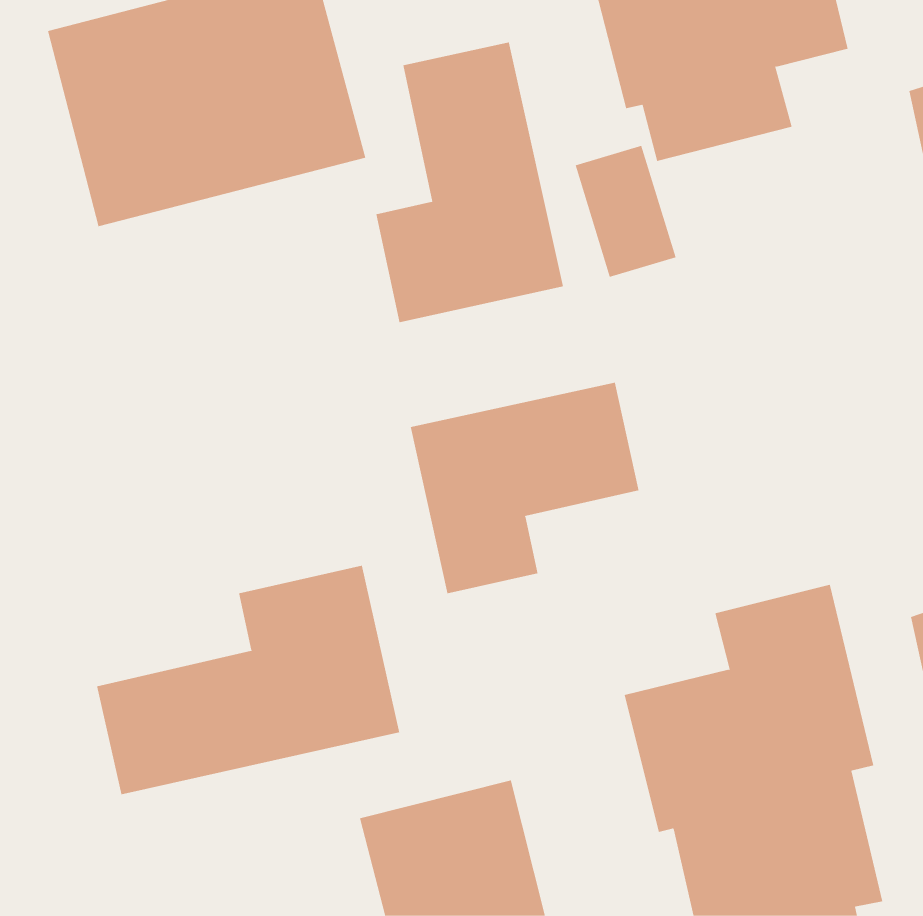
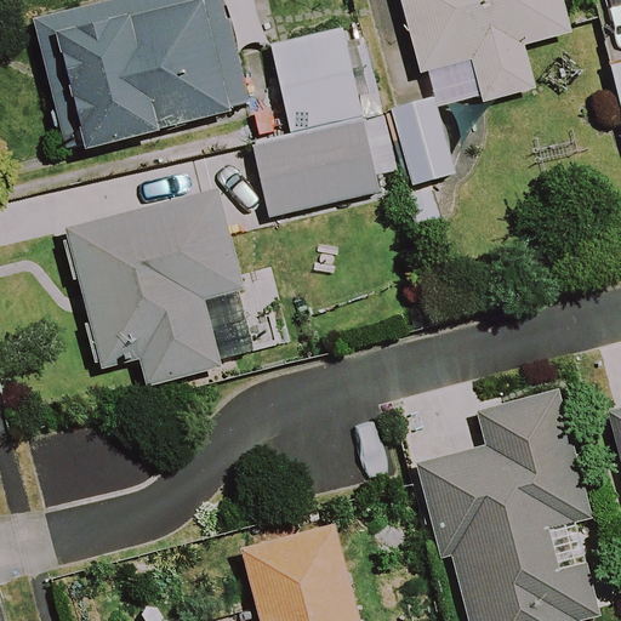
building: none -> [65,189,245,384]
building: [410,382,639,594] -> none
building: [97,565,400,795] -> none

